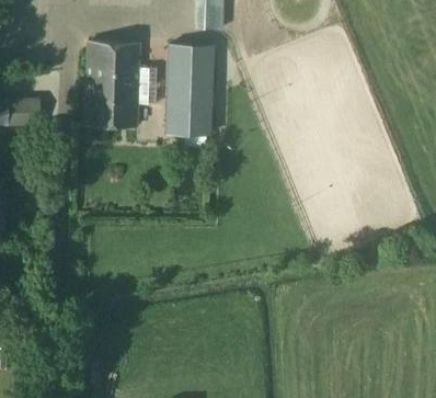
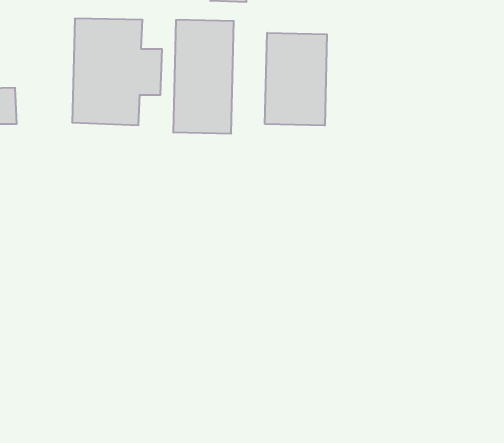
building: none -> [265,33,327,126]

